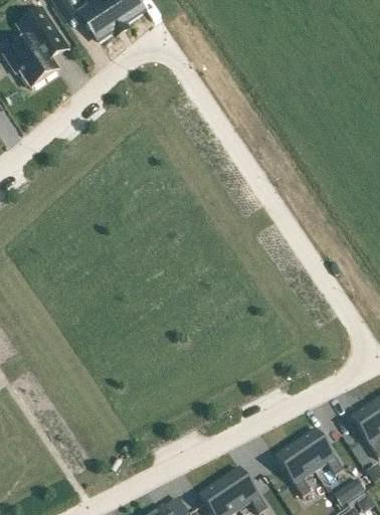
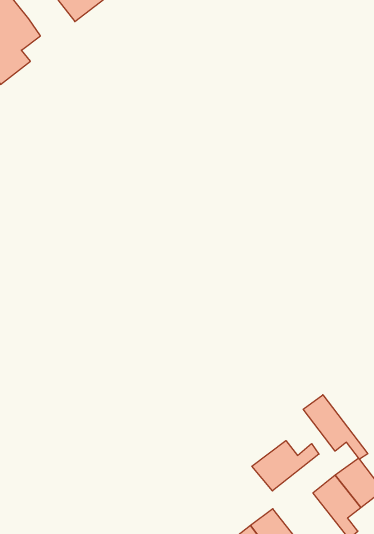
building: none -> [303,395,368,459]
building: none -> [252,441,319,491]

